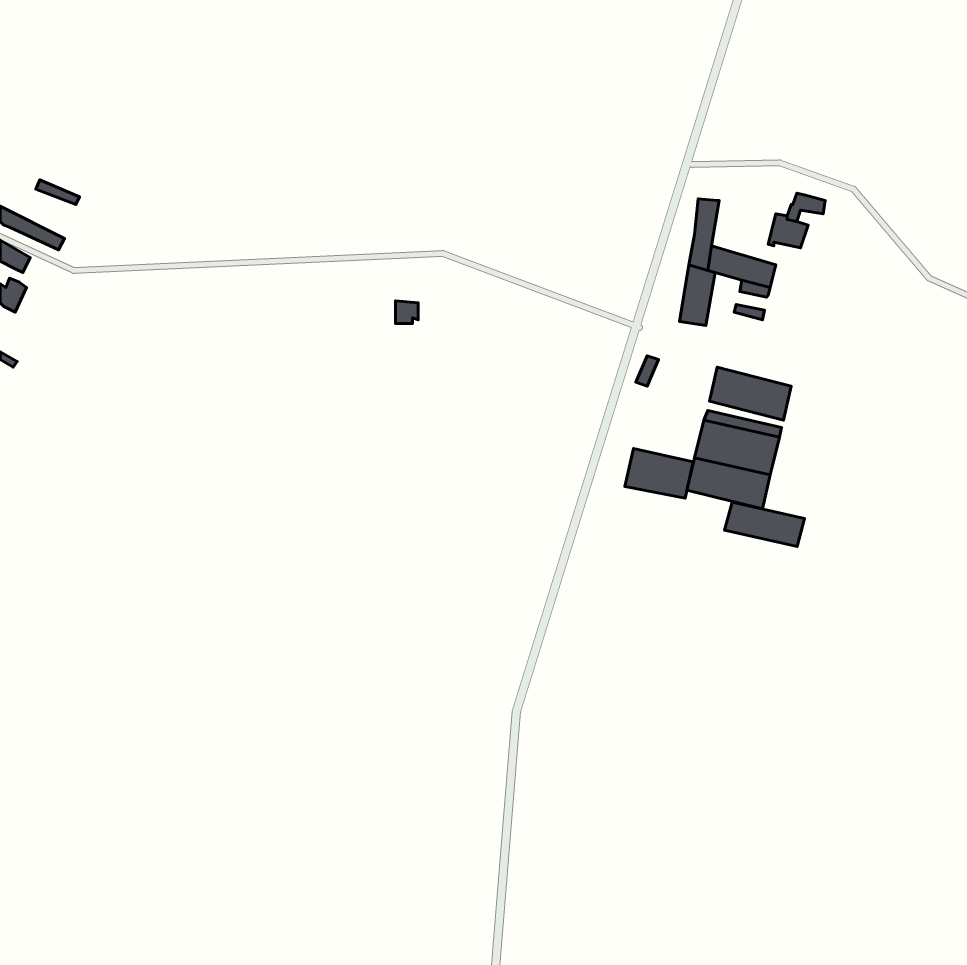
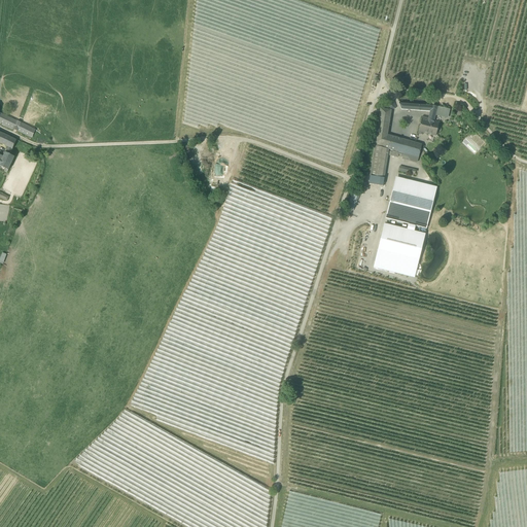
building: none -> [390,176,436,210]
building: [625,448,693,498] -> none
building: [725,502,805,546] -> none

